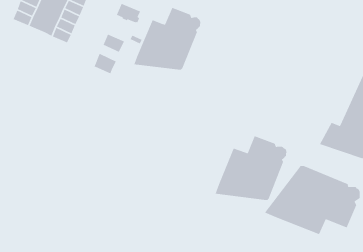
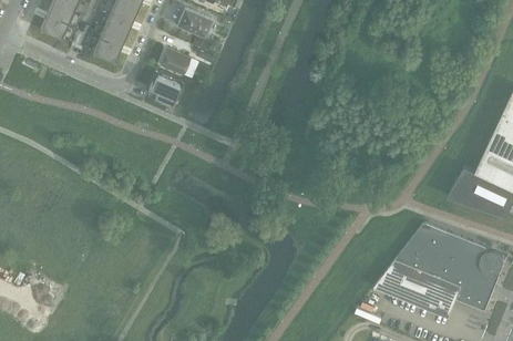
building: [133,7,201,70] -> none
building: [214,135,287,201] -> none

